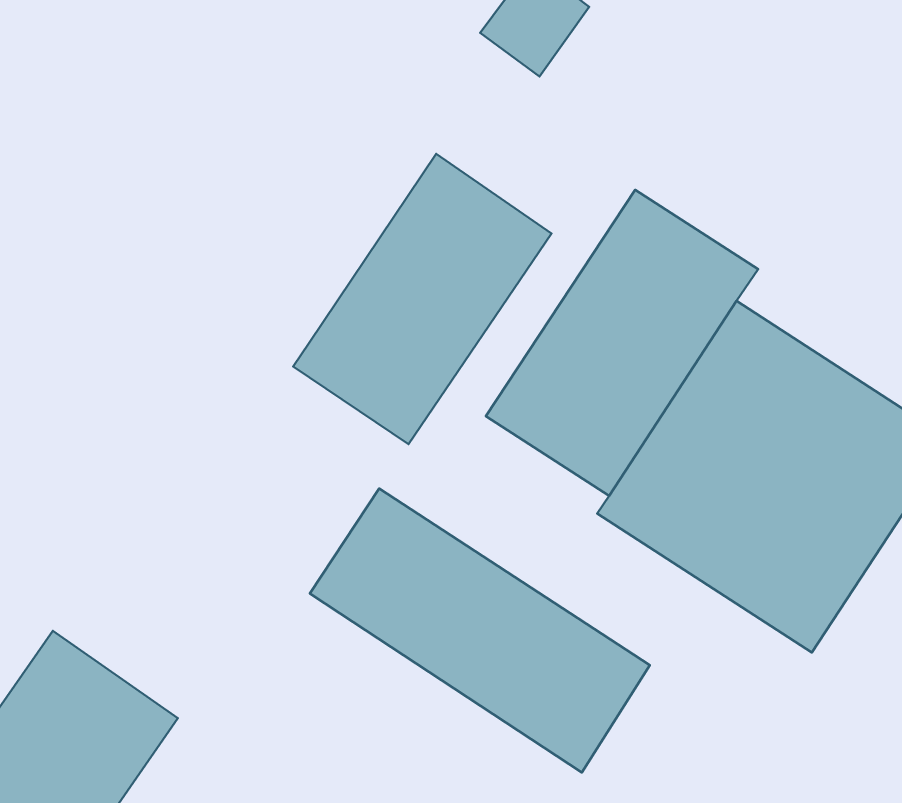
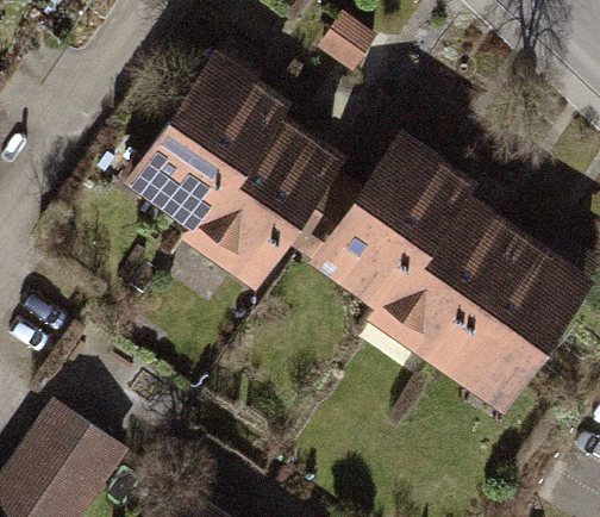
building: none -> [132,48,292,226]
building: [310,488,650,772] -> none

